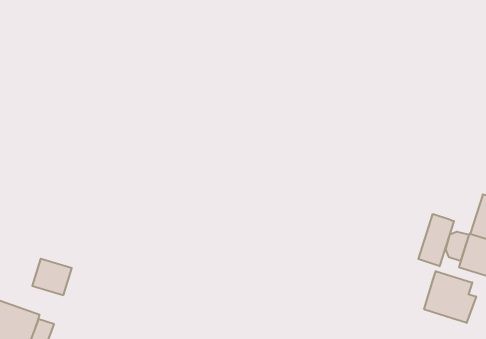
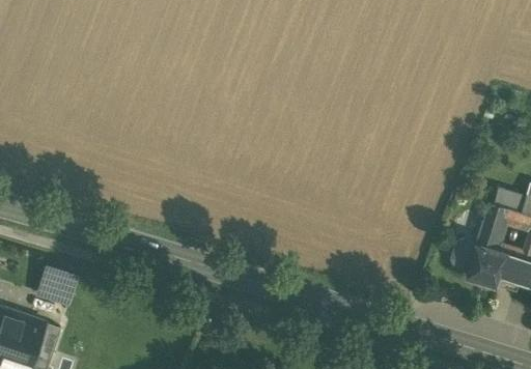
building: [418,214,454,266] -> none
building: [424,271,476,323] -> none

